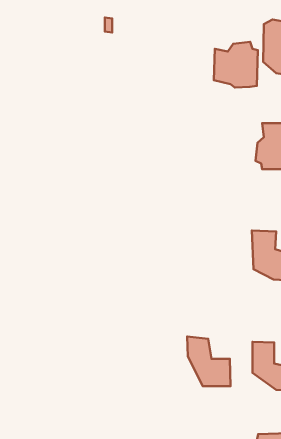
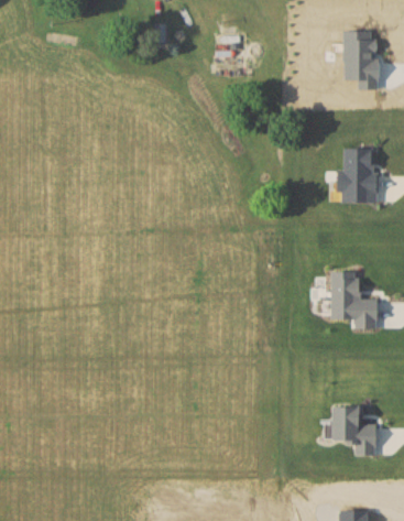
building: [214,42,258,87] -> none
building: [187,336,231,386] -> none

